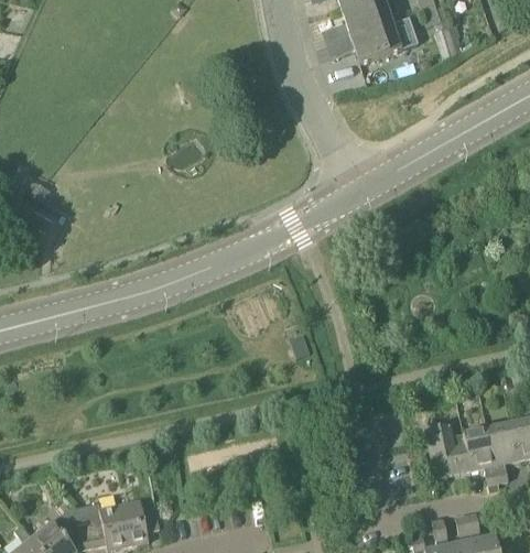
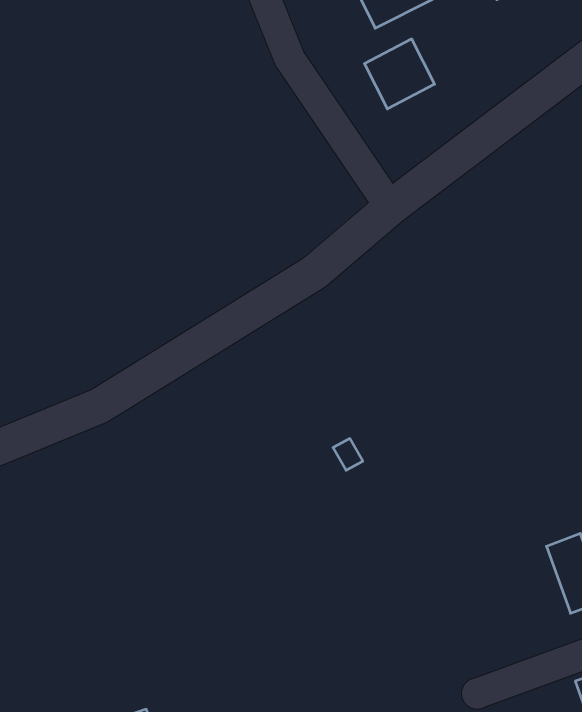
building: none -> [364,39,435,109]

